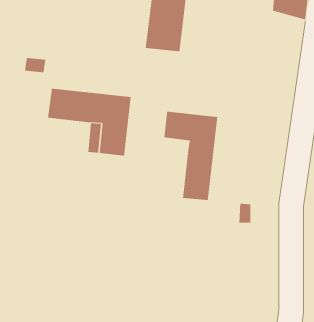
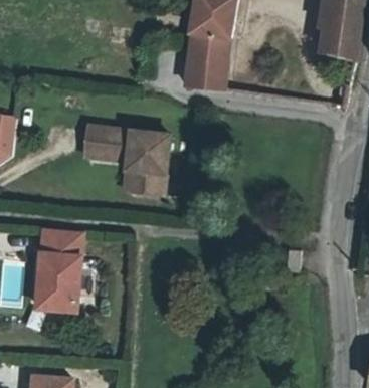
building: [164,111,218,201] -> none
building: none -> [41,231,85,313]

